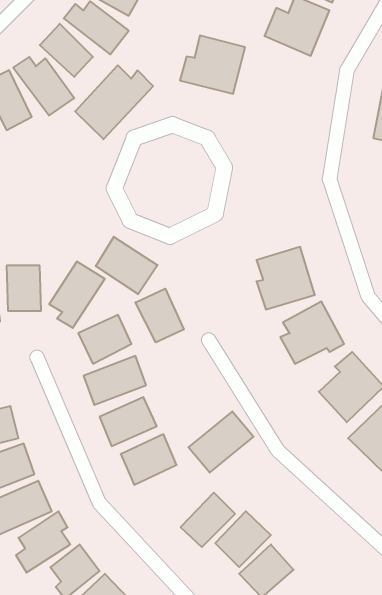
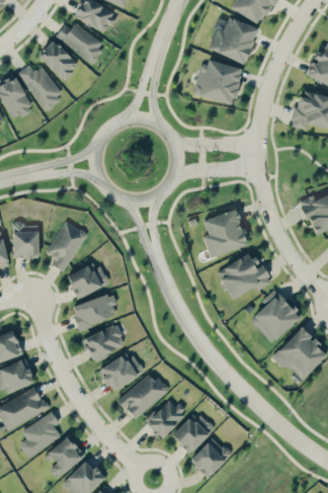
building: [180,35,245,94] -> [192,60,242,104]
building: [75,65,153,139] -> none
building: [96,237,158,294] -> none
building: [135,289,184,342] -> none
building: [188,411,254,473] -> [117,373,167,419]

